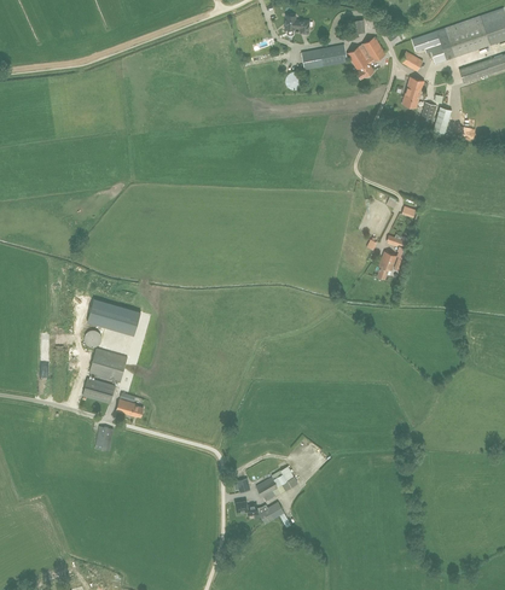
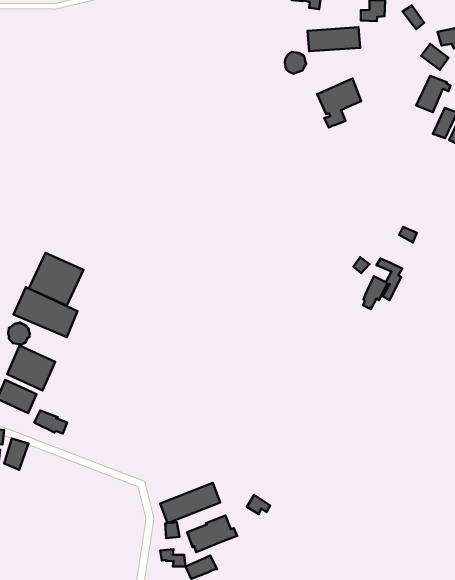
building: [348,36,385,80] -> [317,79,361,127]
building: none -> [29,253,84,306]
building: none -> [160,483,220,523]

